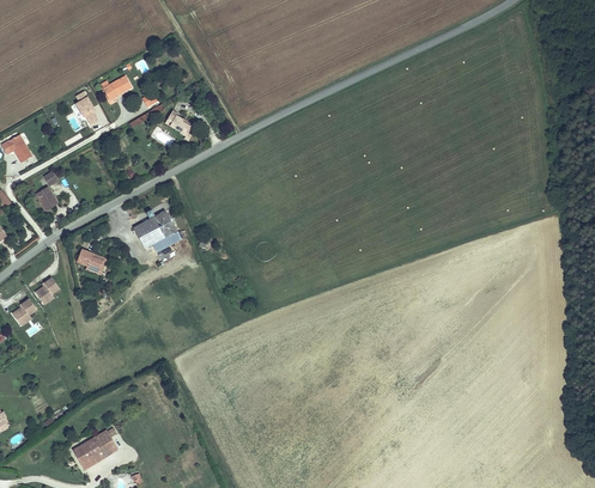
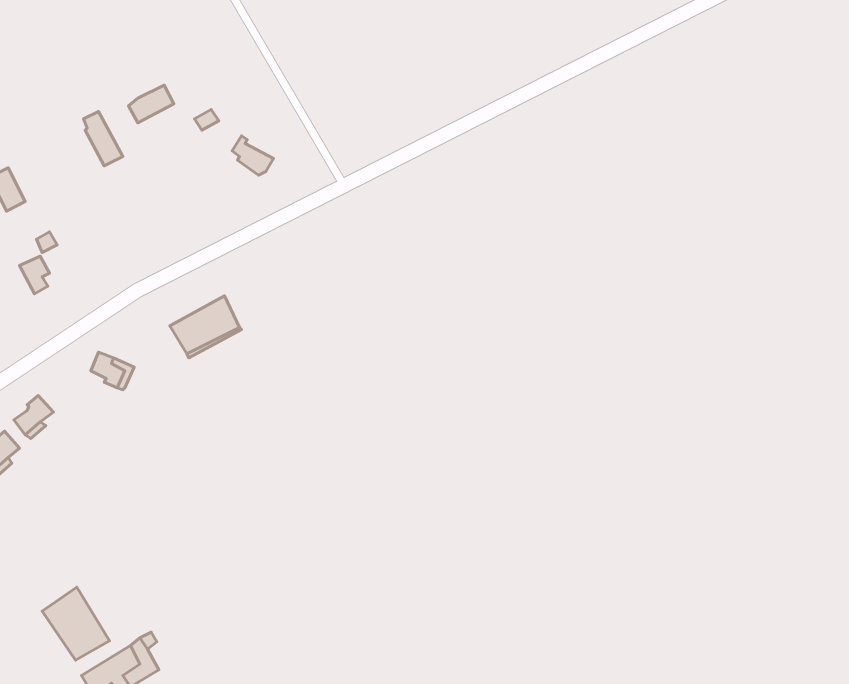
building: none -> [42,587,110,660]

